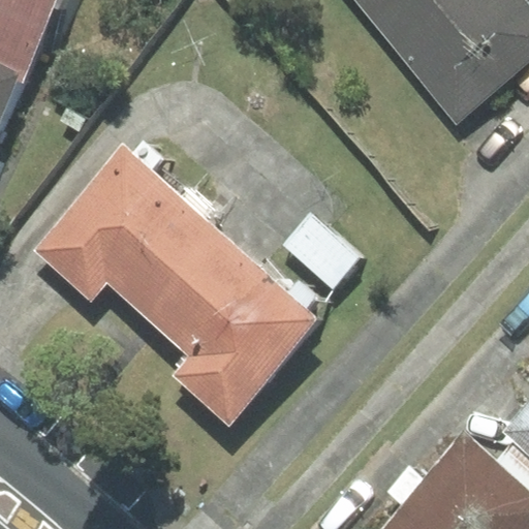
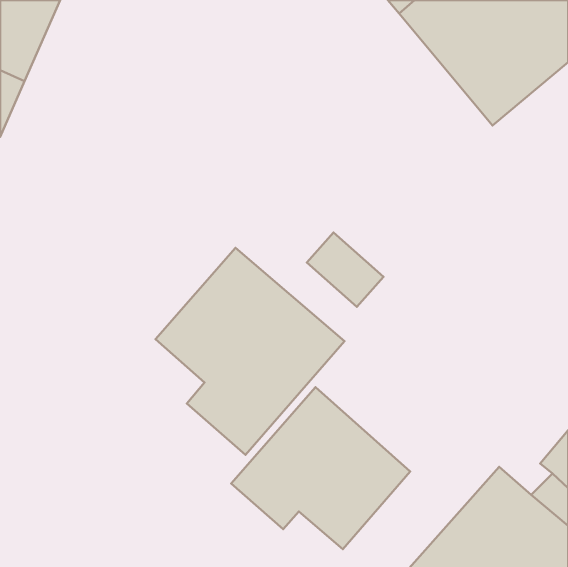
building: [32,148,219,316] -> none
building: none -> [231,387,410,549]

